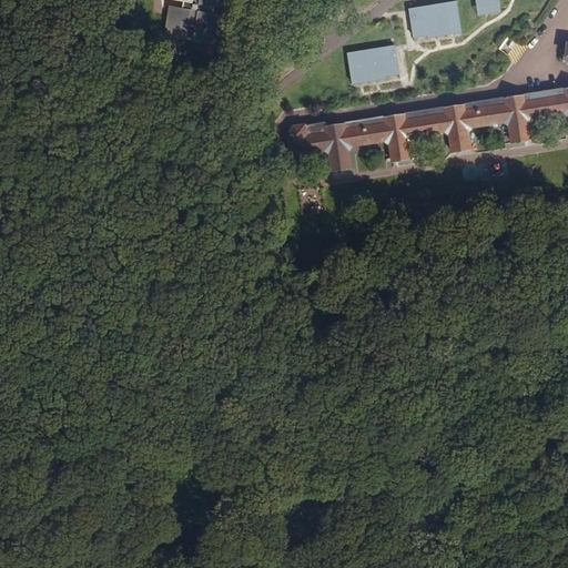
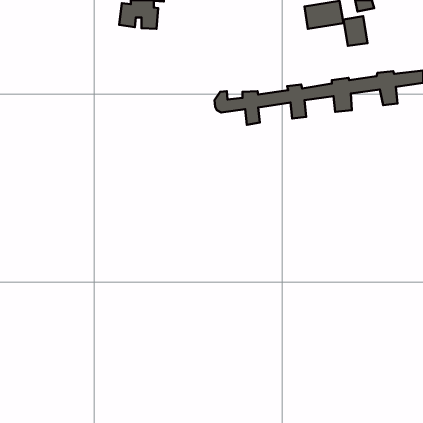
building: none -> [344,16,368,46]
building: [347,43,399,83] -> none

